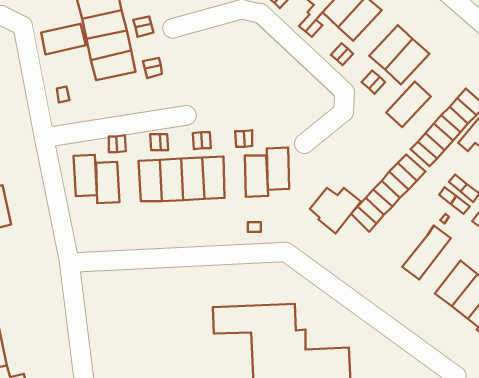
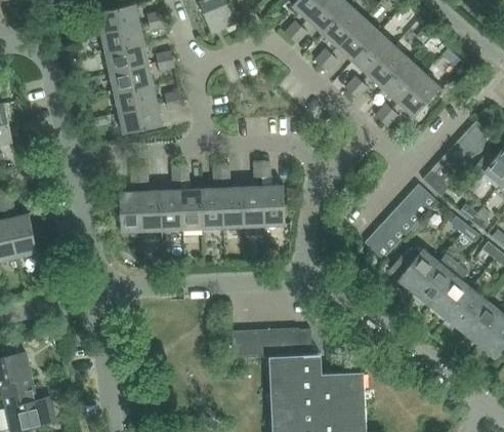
building: [41,24,86,55] -> [119,105,162,134]
building: [386,82,431,127] -> [367,45,410,89]
building: [267,148,289,190] -> [242,186,263,227]
building: [74,155,97,196] -> [139,191,162,231]
building: [310,188,361,233] -> [389,249,438,293]
building: none -> [430,266,470,319]

